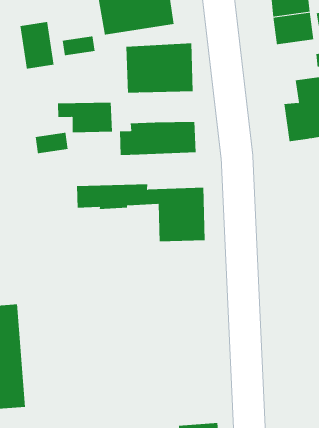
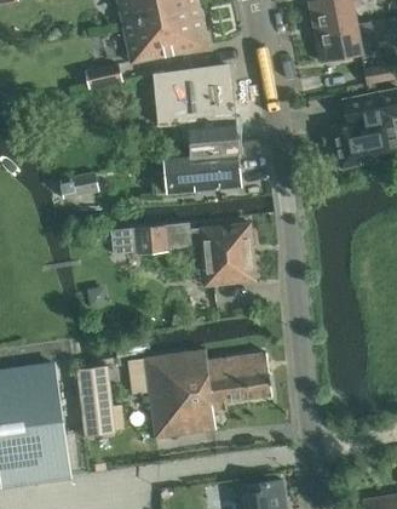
building: [20,21,54,69] -> none
building: [57,102,113,133] -> [173,118,236,154]
building: none -> [133,348,271,436]
building: none -> [76,364,114,435]

